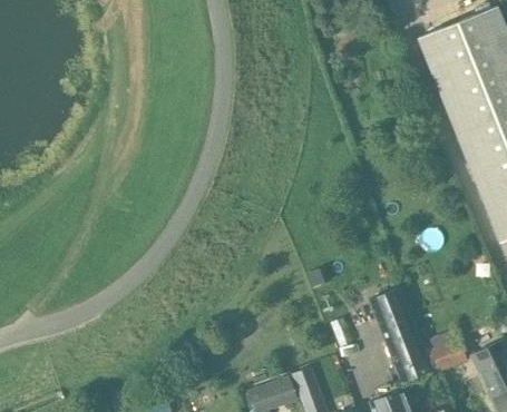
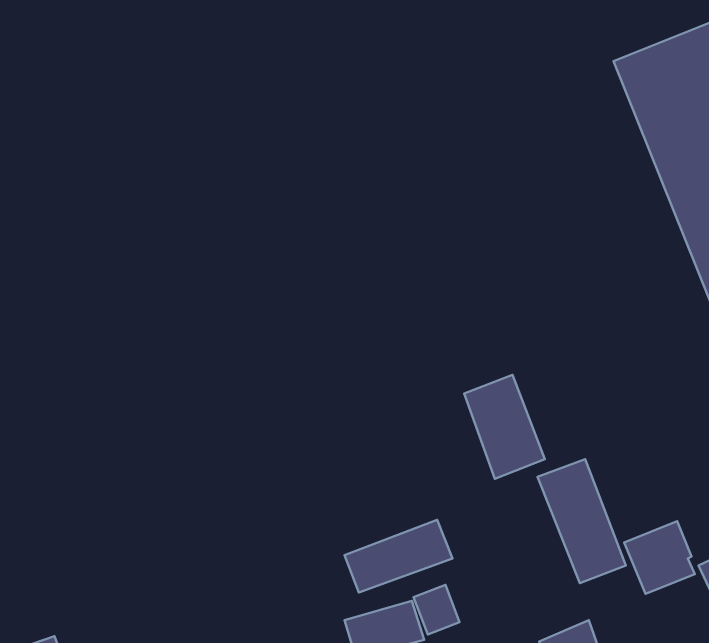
building: none -> [464,375,545,479]
building: none -> [345,520,452,593]

